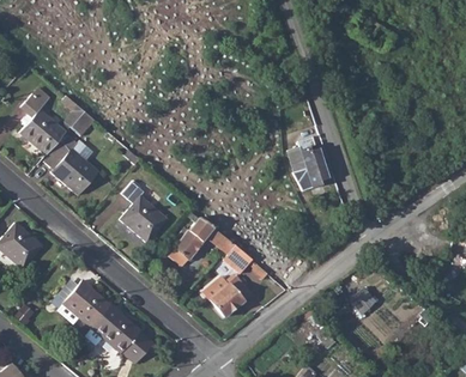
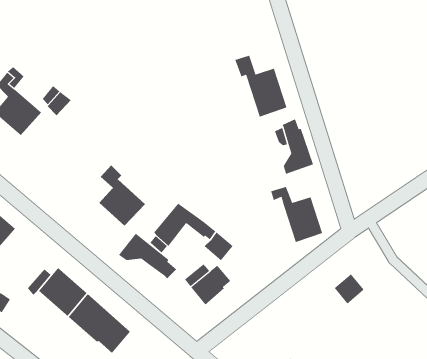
building: none -> [235,55,287,117]
building: [43,134,97,193] -> none
building: none -> [271,186,323,243]
building: none -> [118,233,177,279]

